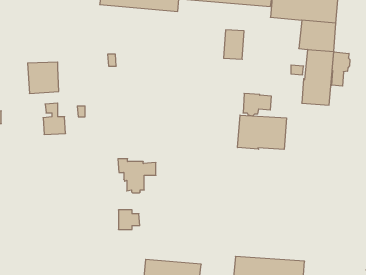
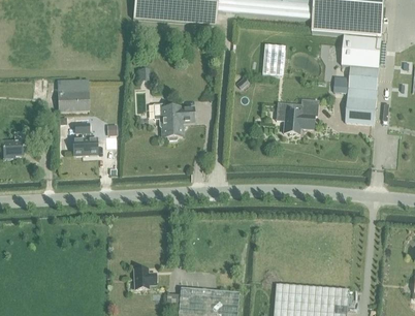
building: [332,52,350,86] -> none
building: [238,115,286,149] -> none
building: [118,159,156,193] -> [152,102,192,138]
building: [118,210,140,229] -> [133,267,156,288]

